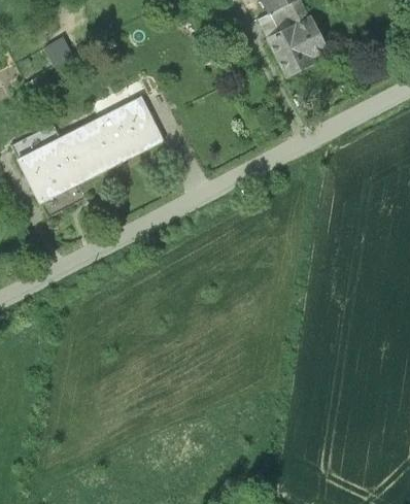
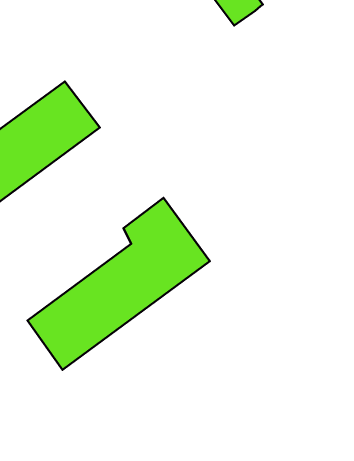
building: none -> [28,198,210,370]

